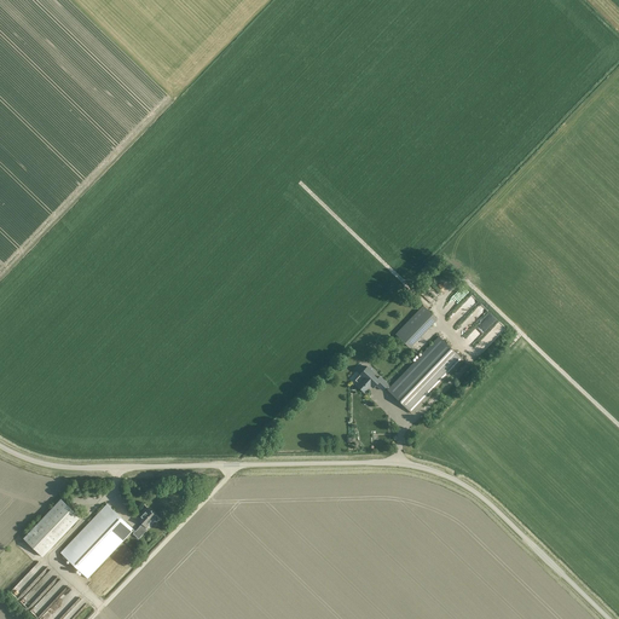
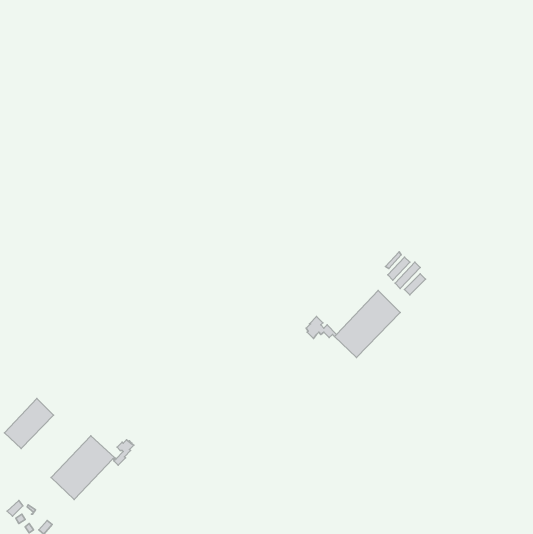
building: [394,306,435,347] -> none
building: [22,498,79,556] -> [4,398,53,449]

